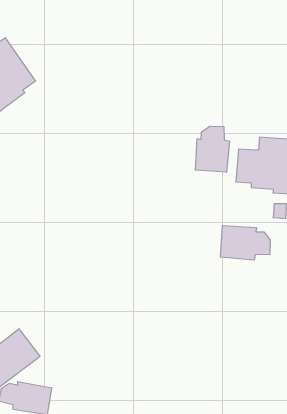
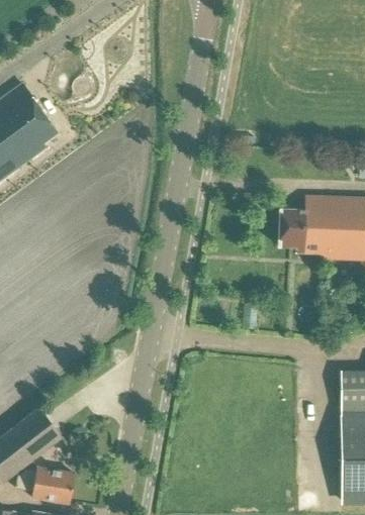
building: [195,126,229,172] -> none
building: [220,226,270,260] -> none

